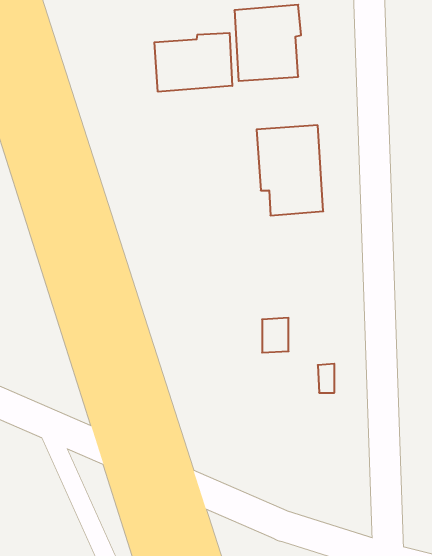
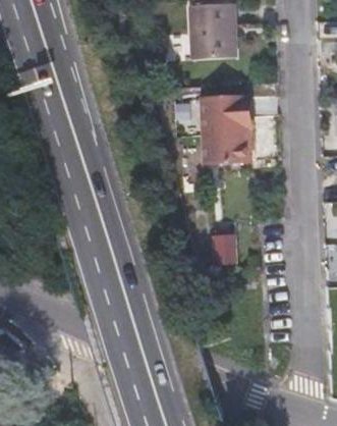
building: [154,33,232,92] -> none

